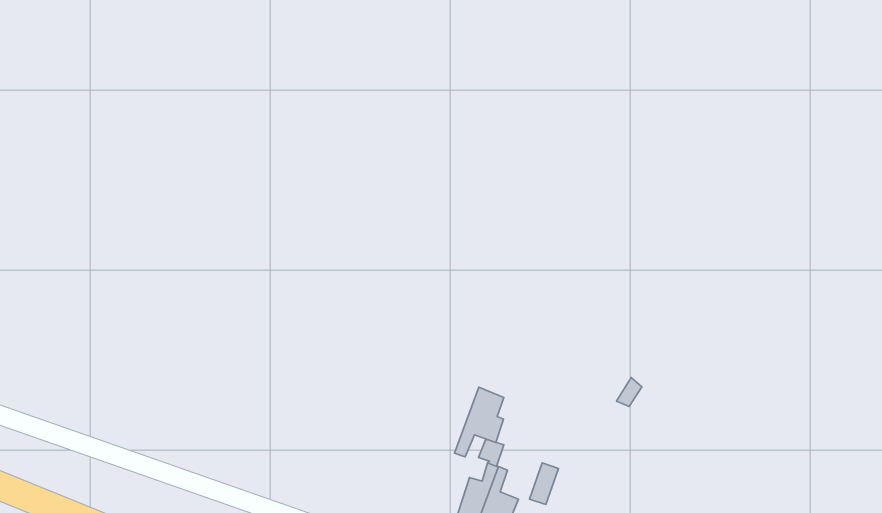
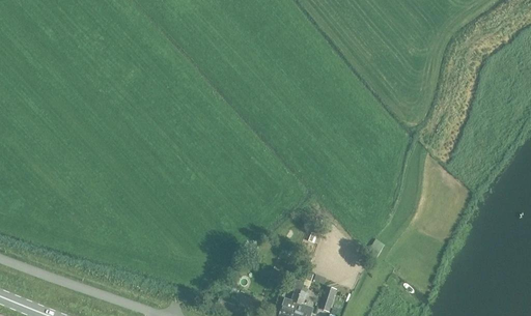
building: [454,387,504,457] -> none

